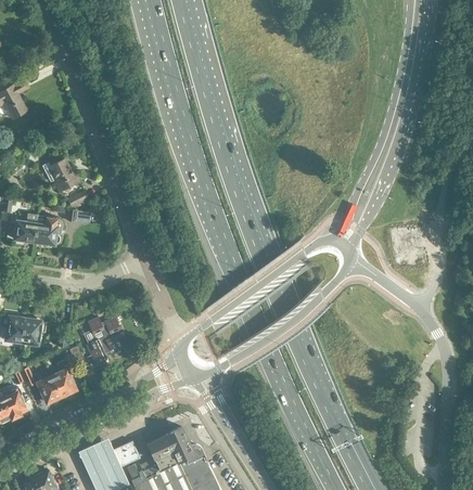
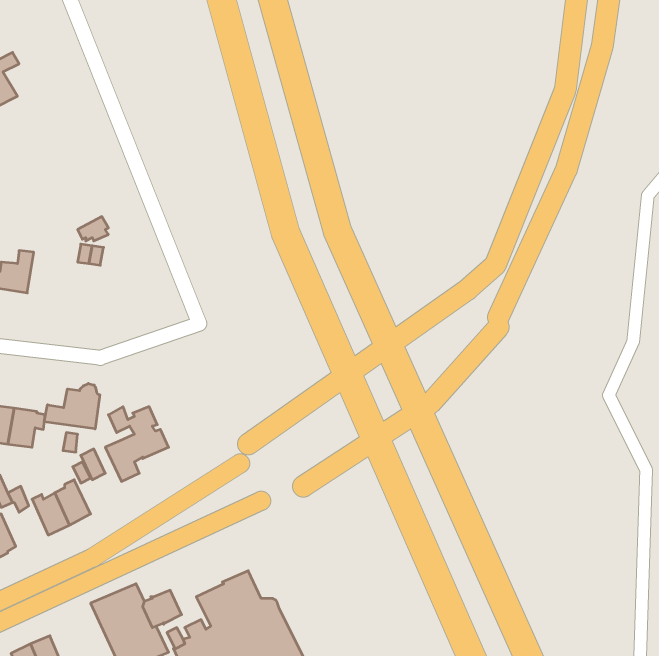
building: [41,158,78,191] -> none
building: [33,215,59,244] -> none
building: none -> [44,383,100,429]

